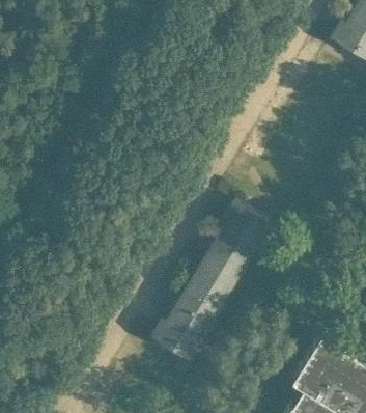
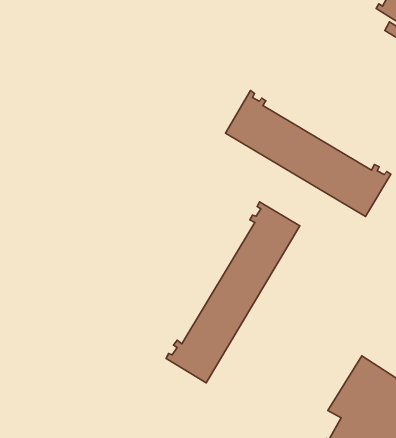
building: none -> [226,91,391,217]

